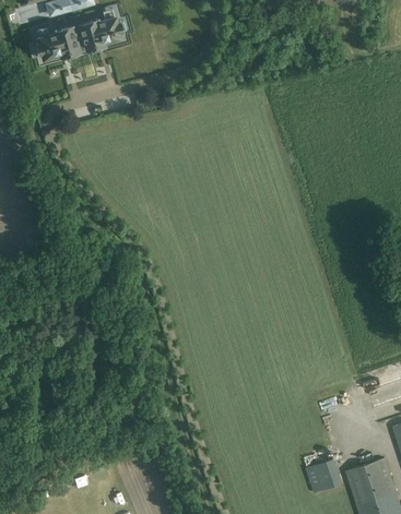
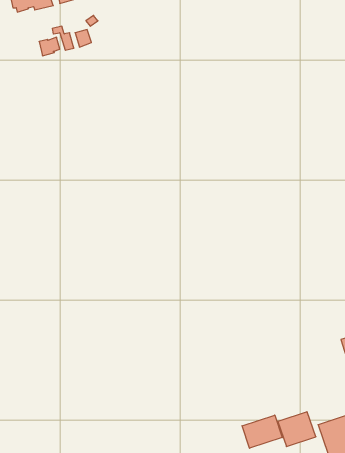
building: none -> [242,415,282,448]

